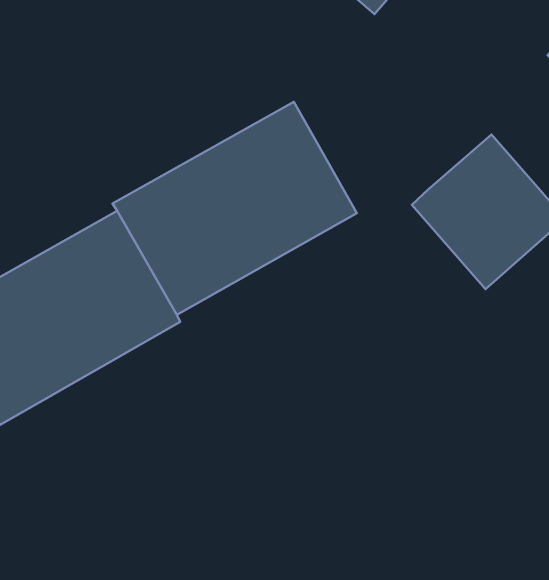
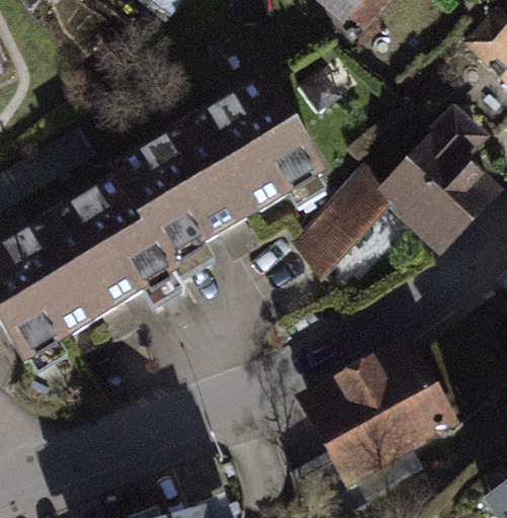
building: none -> [293,179,407,290]
building: none -> [302,332,461,483]

